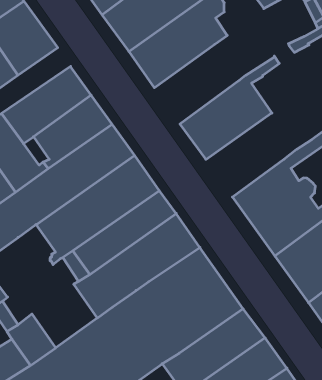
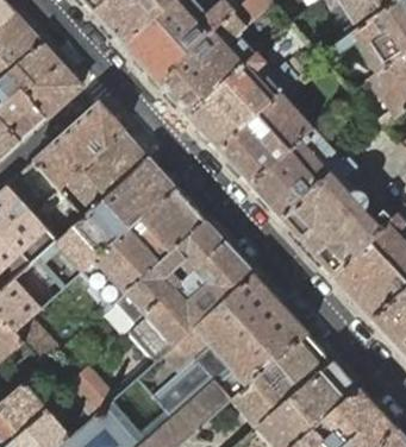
building: none -> [187,53,307,151]
building: none -> [249,128,356,220]

